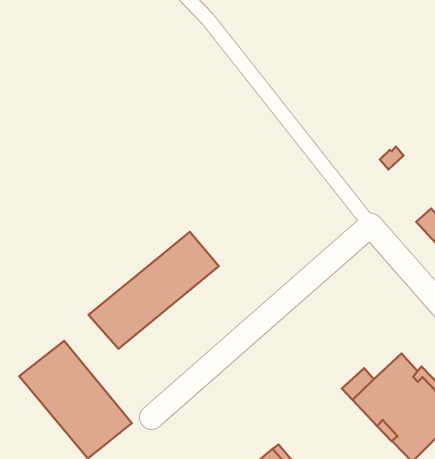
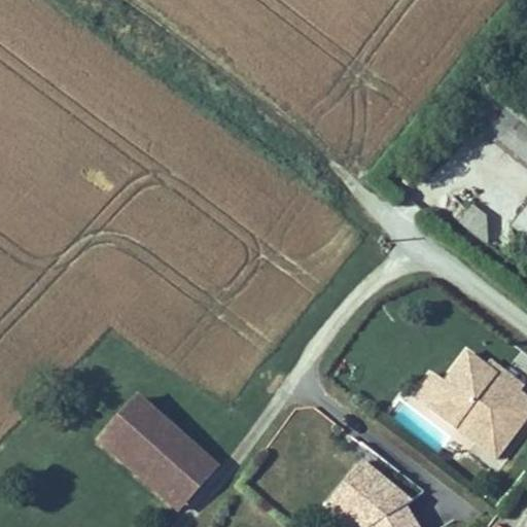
building: [88,232,219,349] -> none

